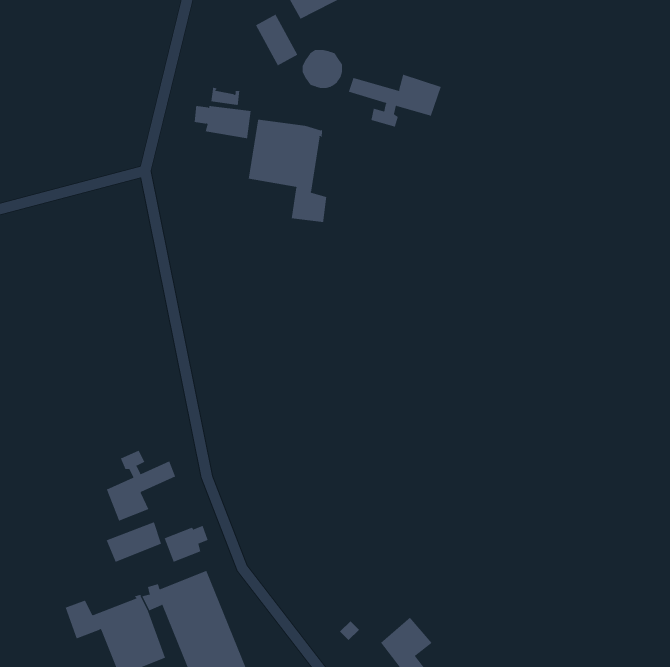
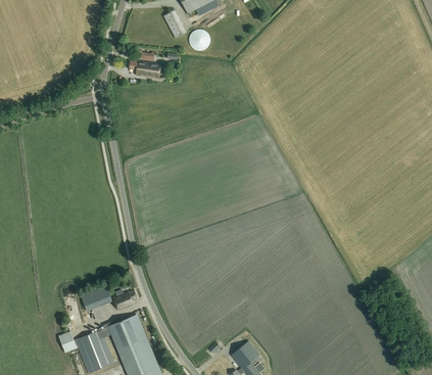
building: [348,74,442,128] -> none
building: [248,119,327,223] -> none
building: [106,450,176,522] -> none

